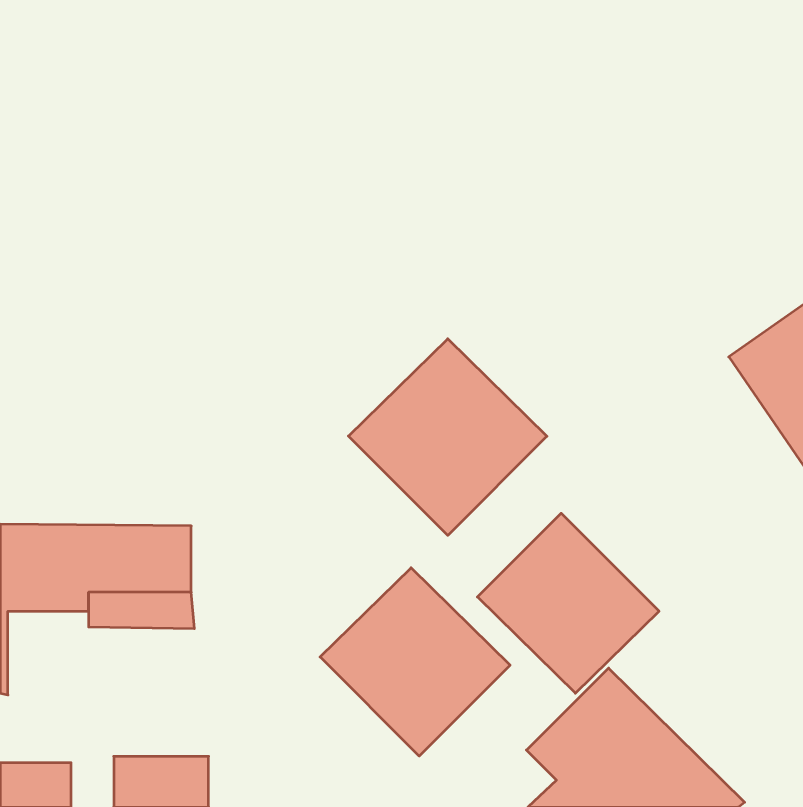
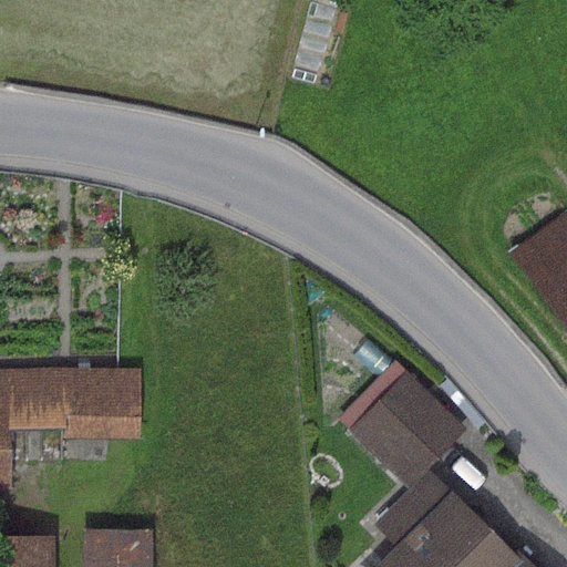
building: [348,339,547,535] -> none
building: [320,568,510,756] -> none

